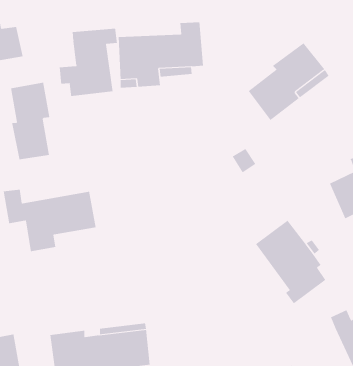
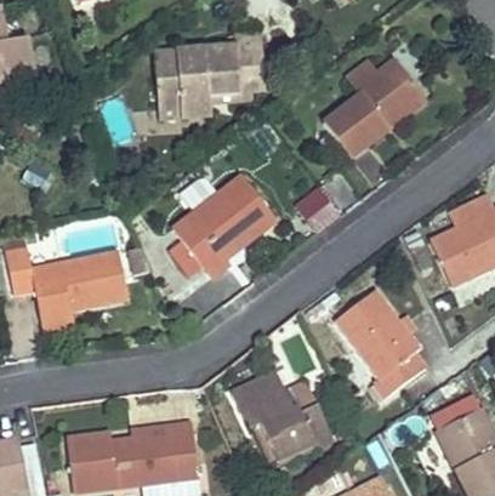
building: [59,28,118,97] -> none
building: [10,82,50,160] -> none
building: none -> [150,173,279,293]
building: none -> [231,369,331,462]

